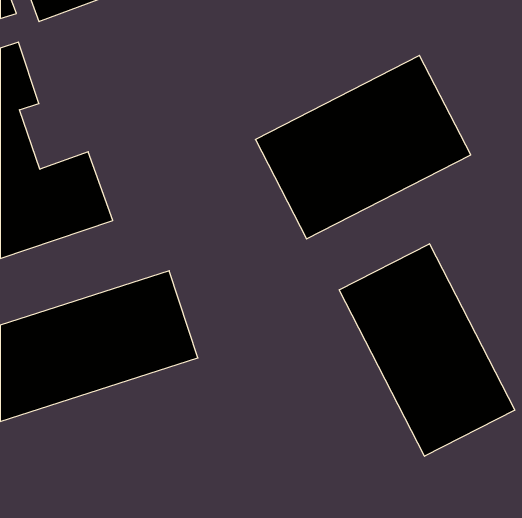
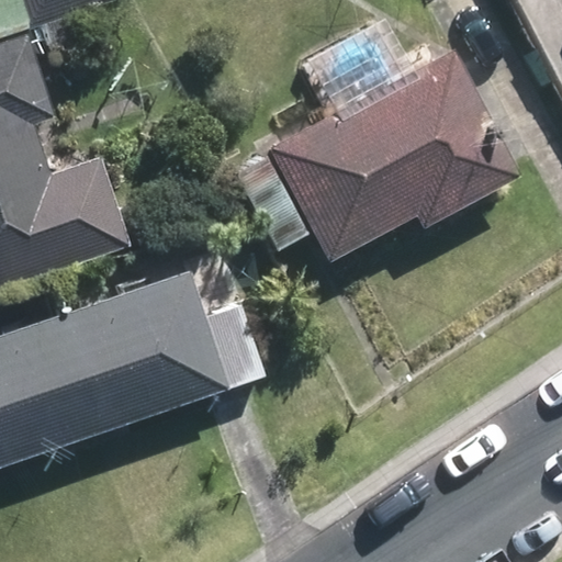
building: [339,244,515,456] -> none

